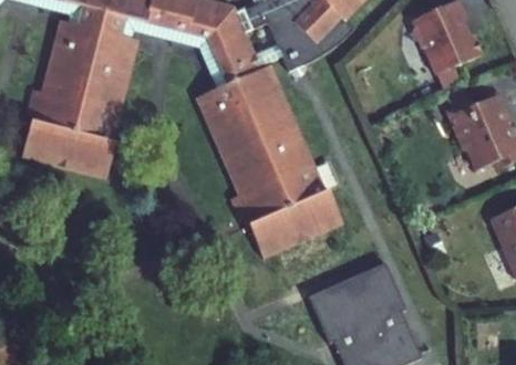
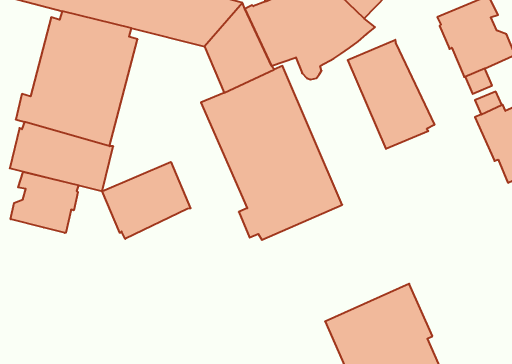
building: none -> [348,40,434,149]
building: none -> [102,162,191,239]
building: none -> [11,172,78,233]
building: [248,188,342,257] -> none

